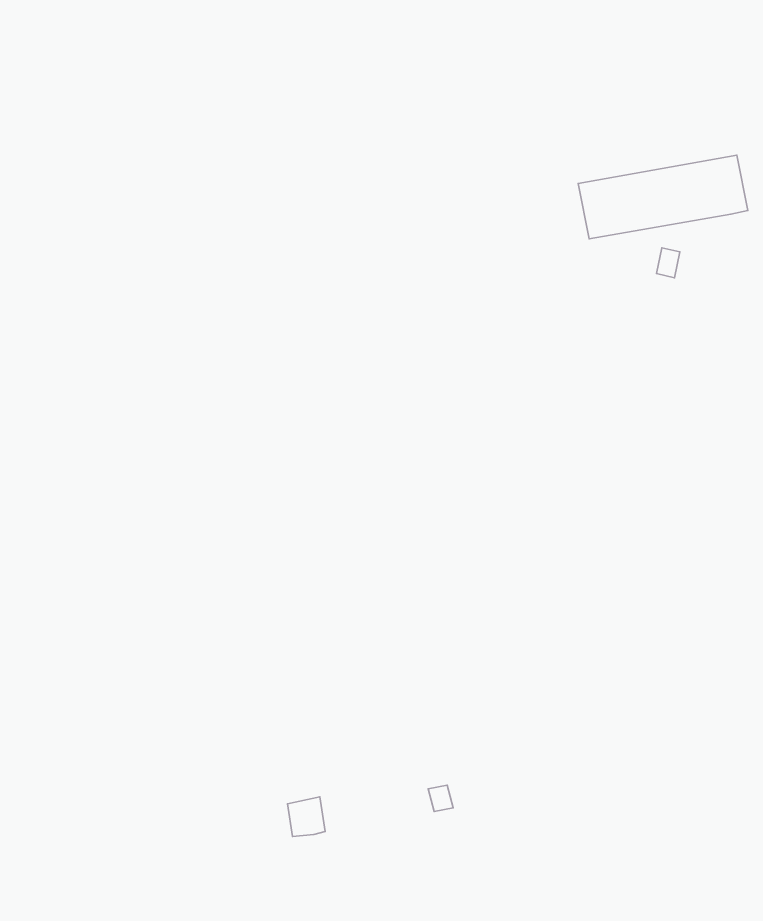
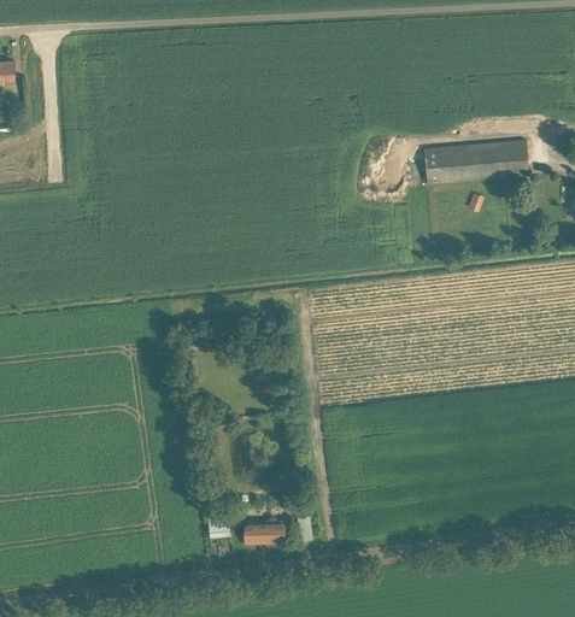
building: none -> [245,522,284,542]

